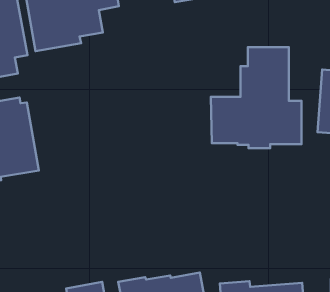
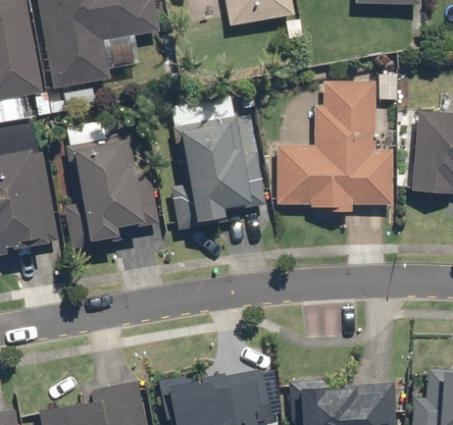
building: none -> [172,115,267,229]
building: none -> [65,135,160,249]

